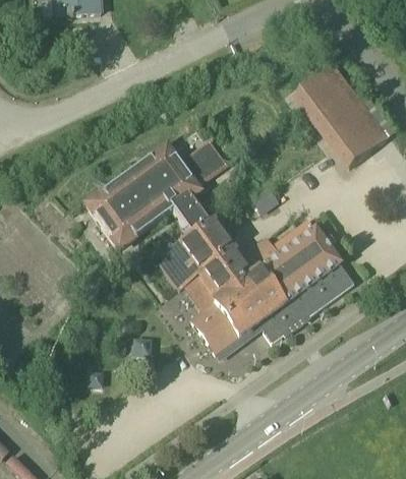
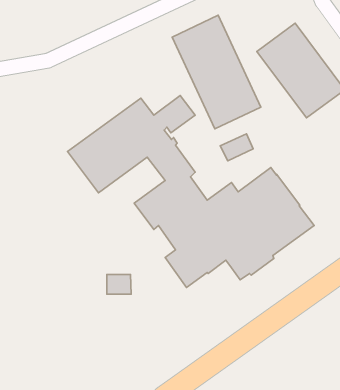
building: none -> [172,15,261,129]

